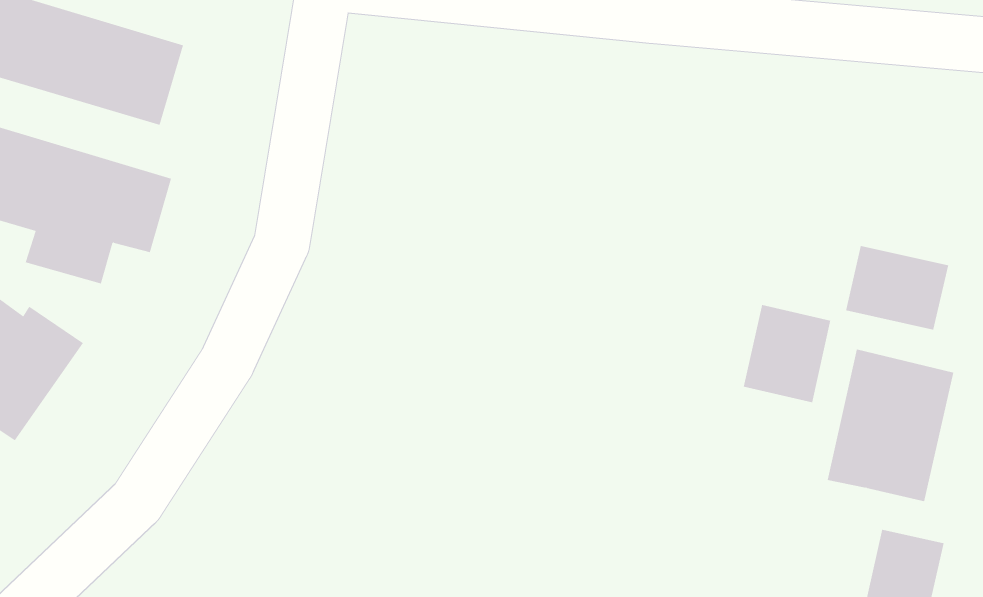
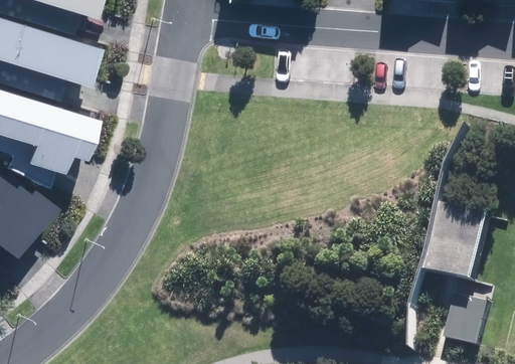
building: [845,245,949,331] -> none
building: [743,304,831,403] -> none

